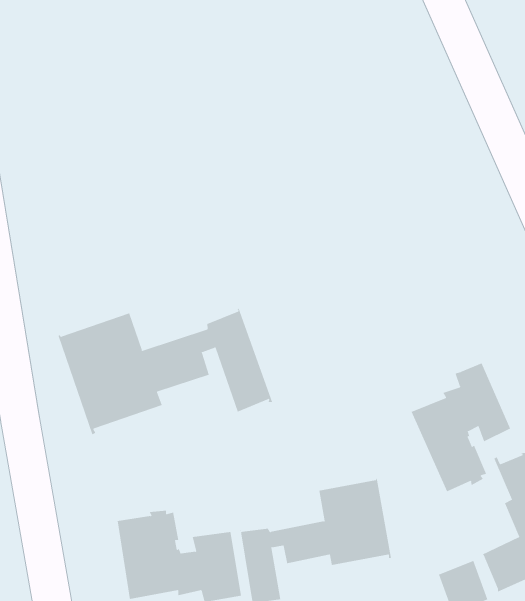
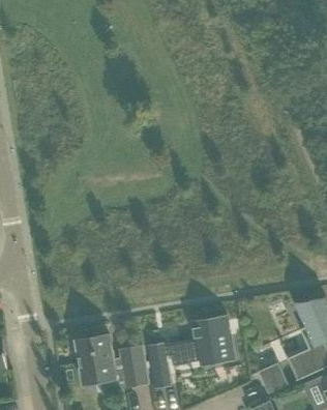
building: [58,308,273,436] -> none
building: [411,363,511,492] -> none

